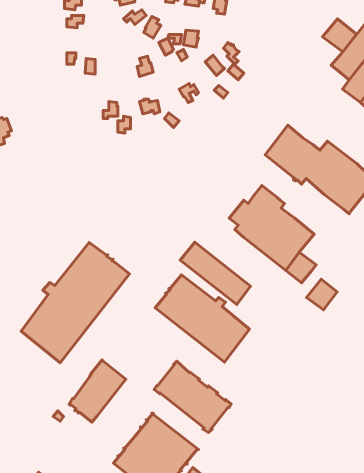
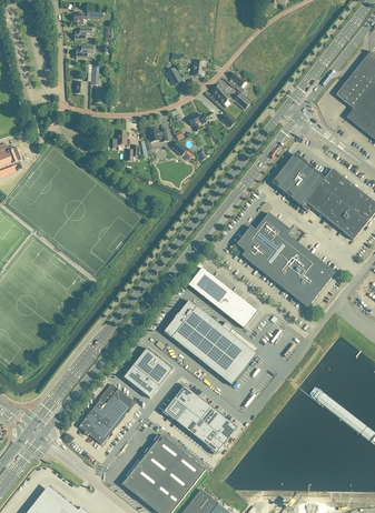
building: [323,19,357,52] -> none
building: [21,242,130,363] -> none
building: [306,279,337,310] -> [304,259,334,289]
building: none -> [122,346,172,396]

